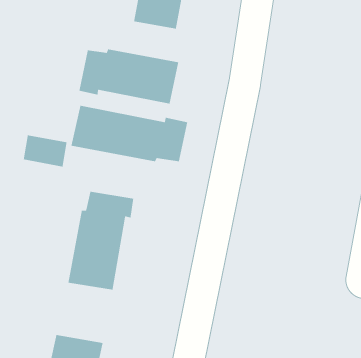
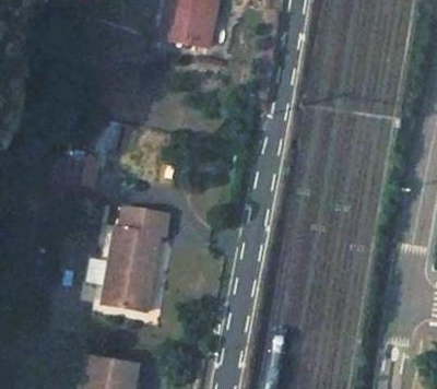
building: [79,49,179,105] -> none
building: [71,105,188,162] -> none

